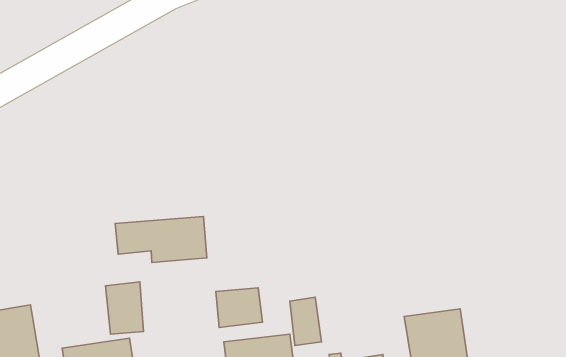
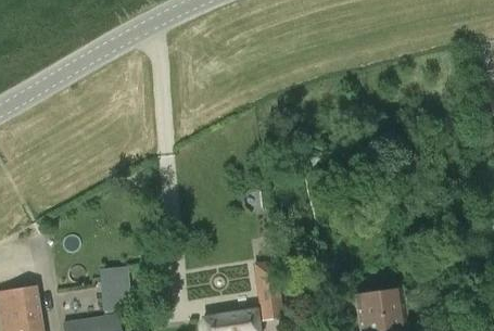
building: [115,217,207,262] -> none
building: [216,288,263,328] -> none

